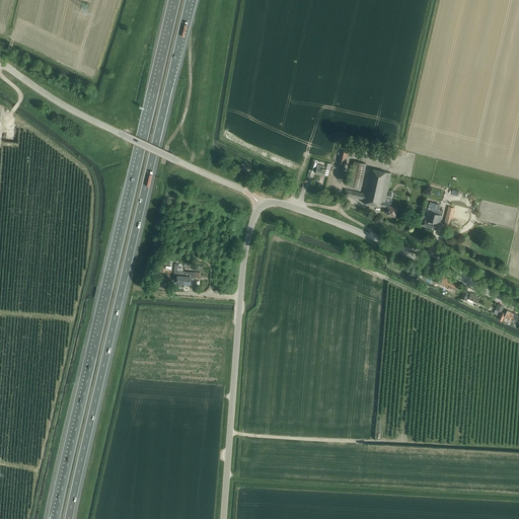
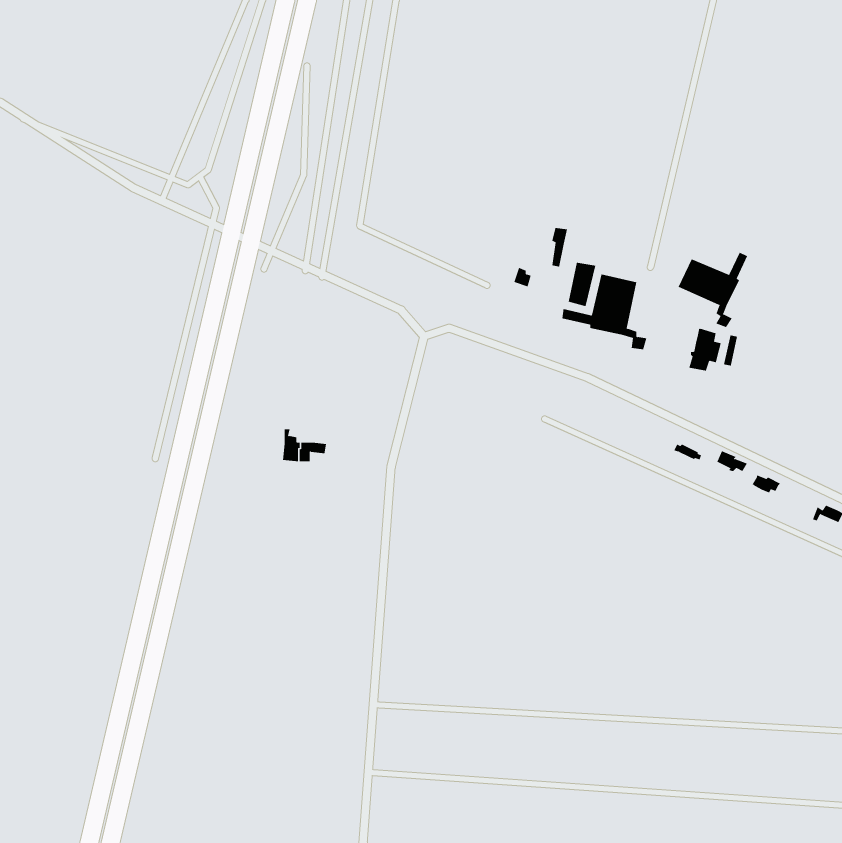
building: none -> [678,252,748,328]

